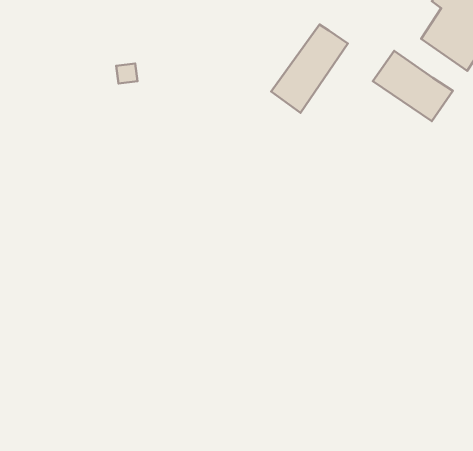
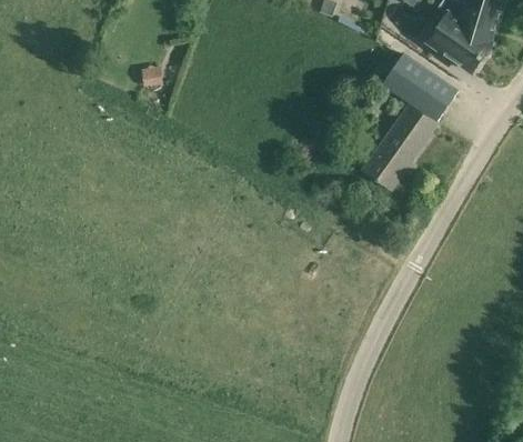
building: [271,25,348,113] -> [364,106,436,189]

